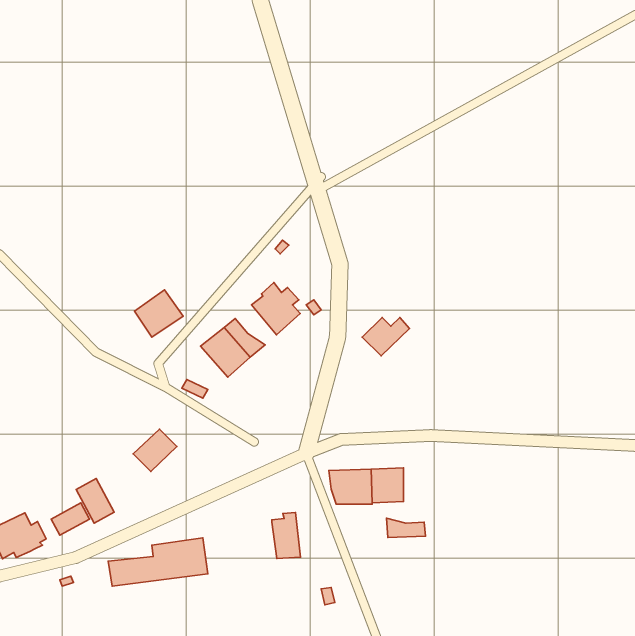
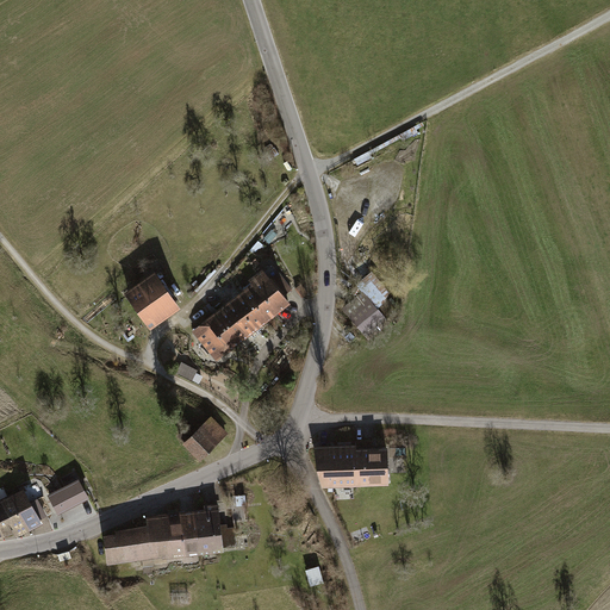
building: none -> [225,292,264,330]
building: [133,429,177,471] -> [183,418,225,459]
building: [76,479,114,523] -> none
building: [272,512,300,558] -> [194,505,222,549]
building: [387,518,426,537] -> none

